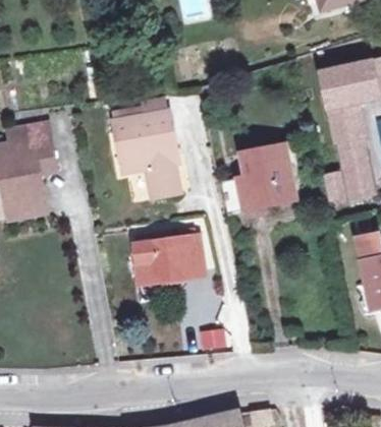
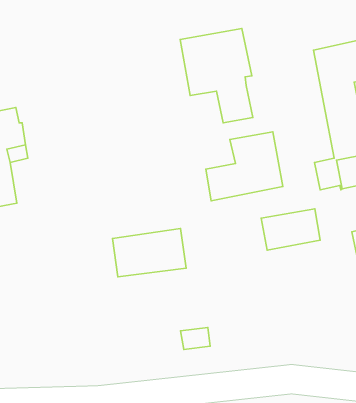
building: [113,111,180,198] -> [180,28,253,123]
building: none -> [261,209,320,250]

